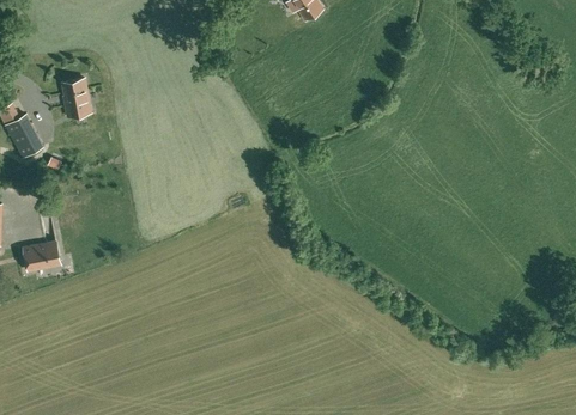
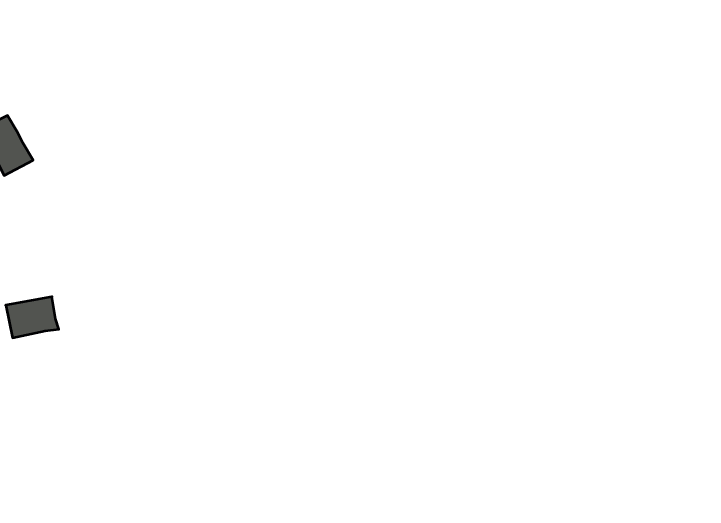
building: [62,79,91,116] -> none

